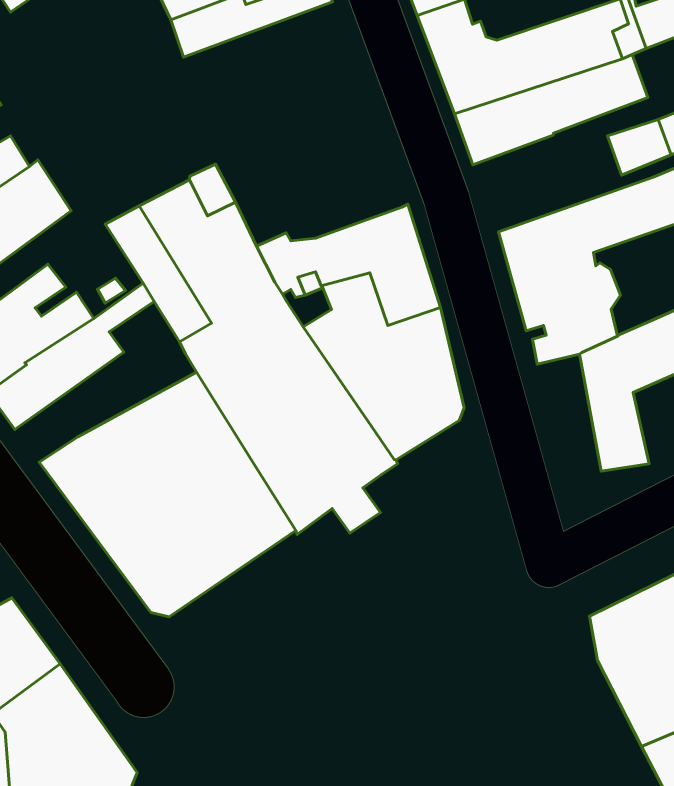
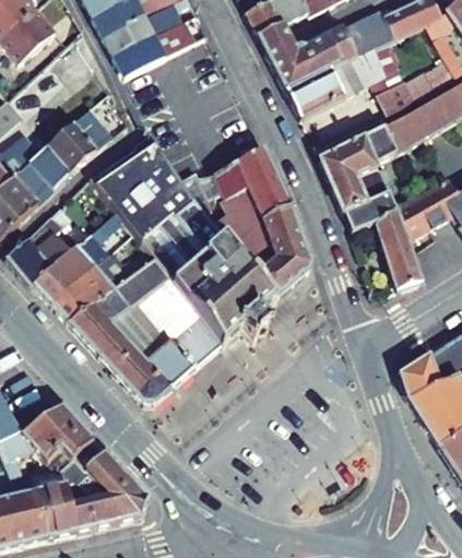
building: none -> [46,88,127,174]
building: none -> [51,249,153,322]

